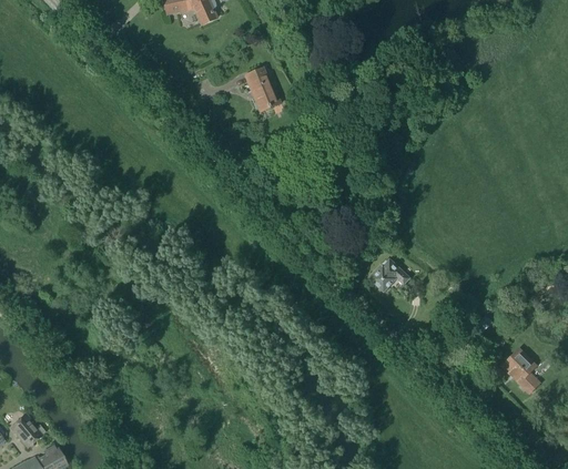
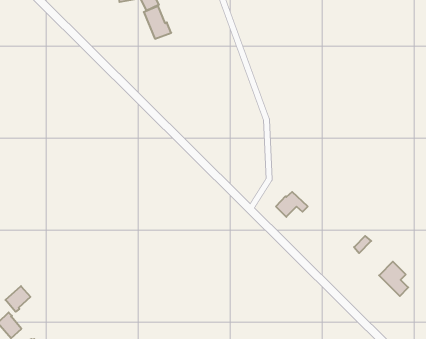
building: [245,68,281,110] -> [144,6,171,39]
building: none -> [5,286,30,312]

